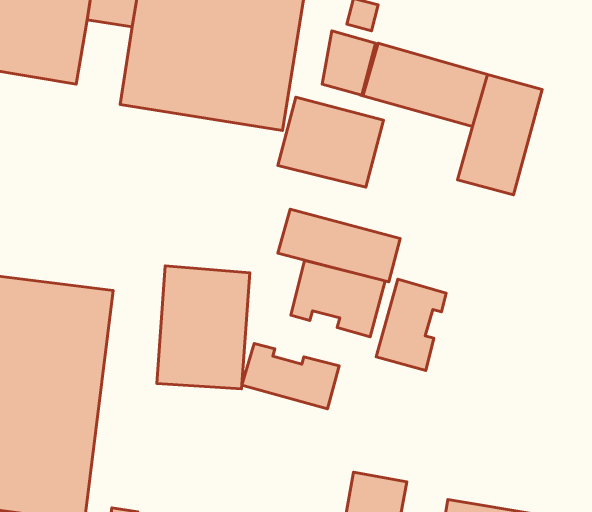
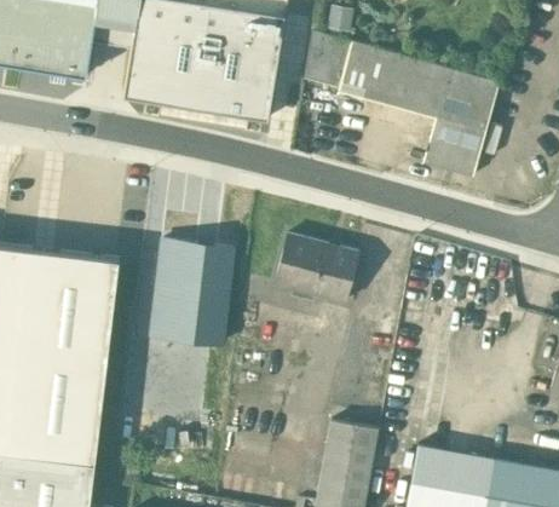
building: [278,97,383,187] -> none
building: [278,209,400,282] -> none
building: [376,279,446,370] -> none
building: [242,343,339,409] -> none

